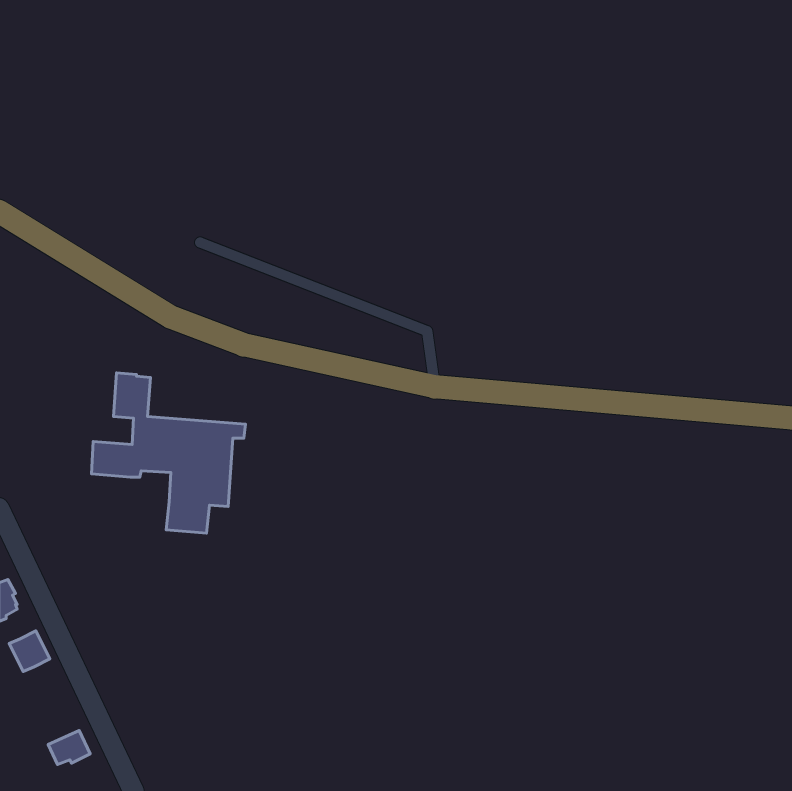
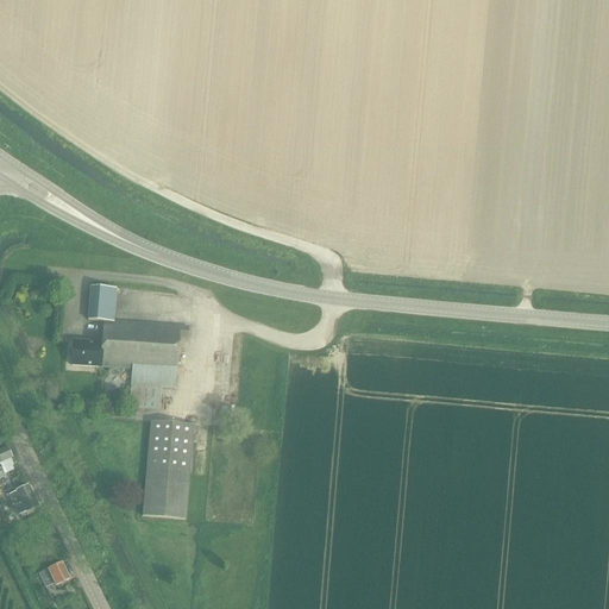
building: none -> [142,419,193,517]

